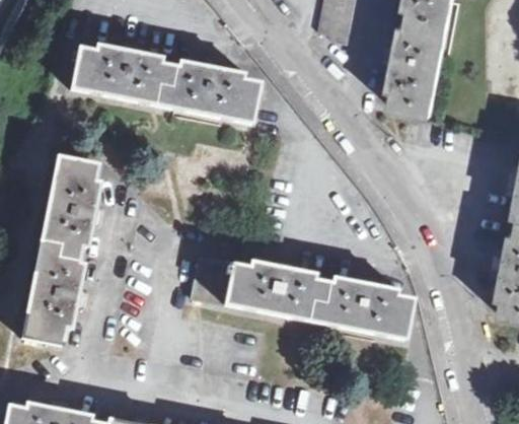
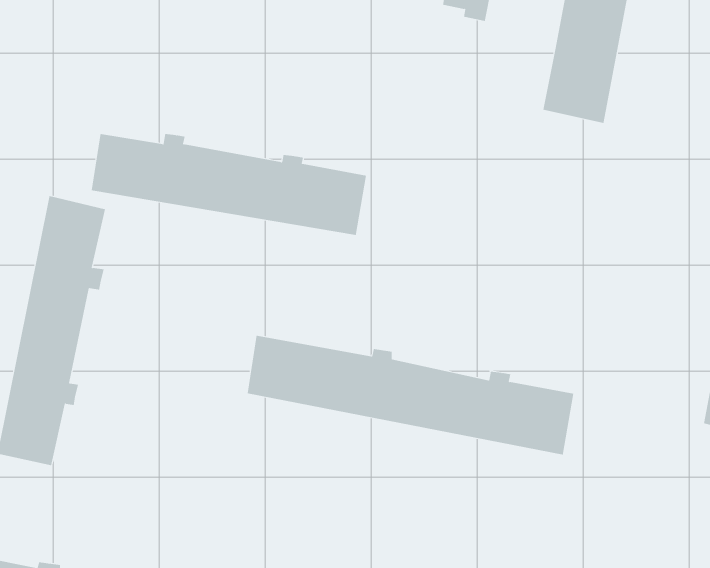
building: [73,51,260,120] -> [91,133,367,235]

